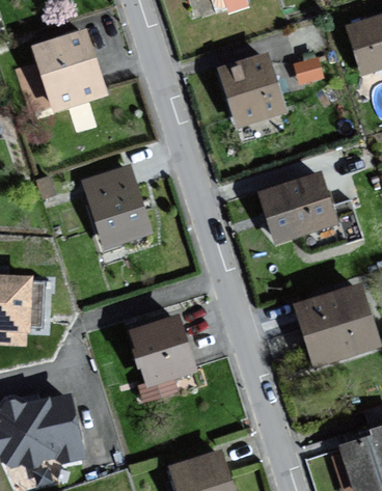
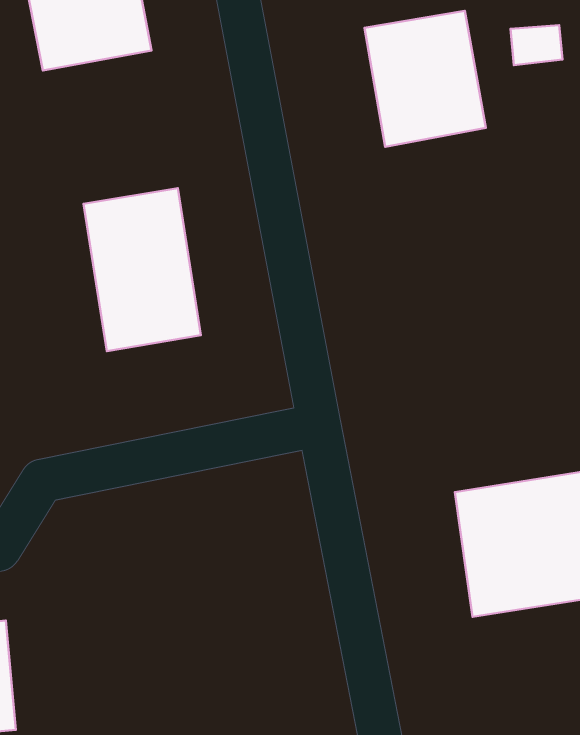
building: [261,172,338,242] -> none
building: [129,315,194,401] -> none

